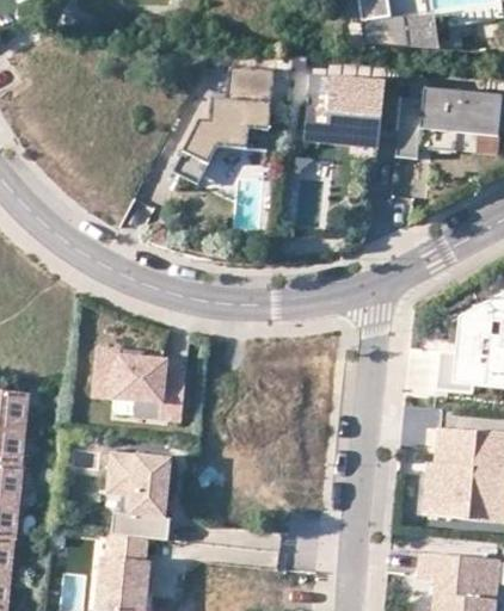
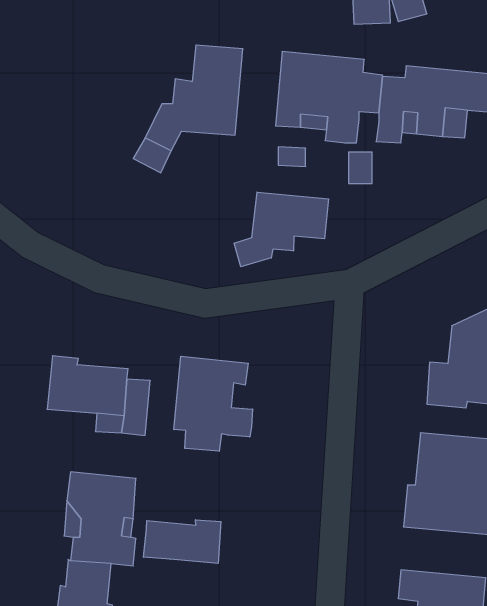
building: none -> [234,192,328,267]
building: none -> [174,356,253,451]
building: none -> [144,520,221,563]

